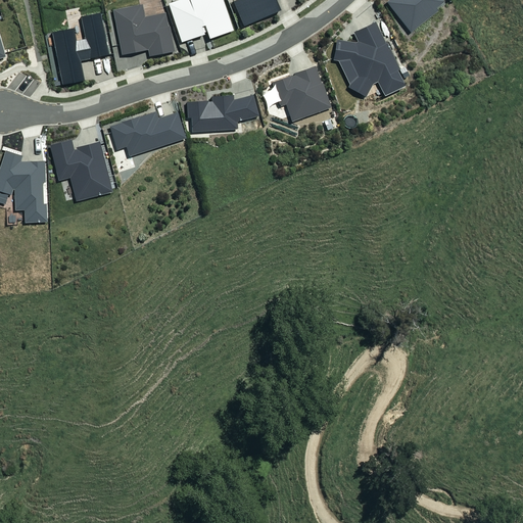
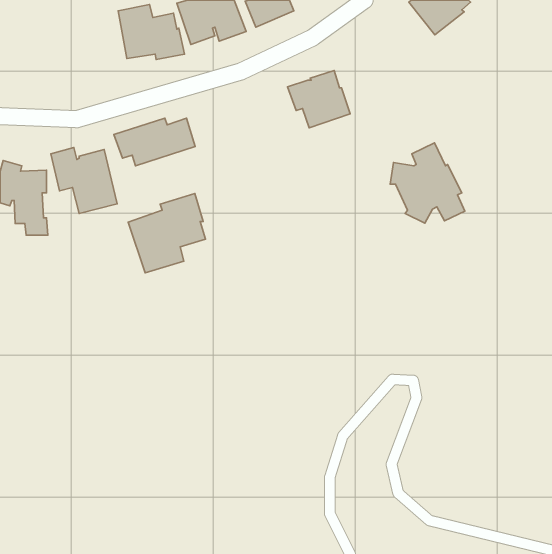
building: [53,13,110,85] -> none
building: [334,21,405,97] -> [390,143,465,223]
building: [187,95,259,132] -> none
building: none -> [128,193,206,273]

